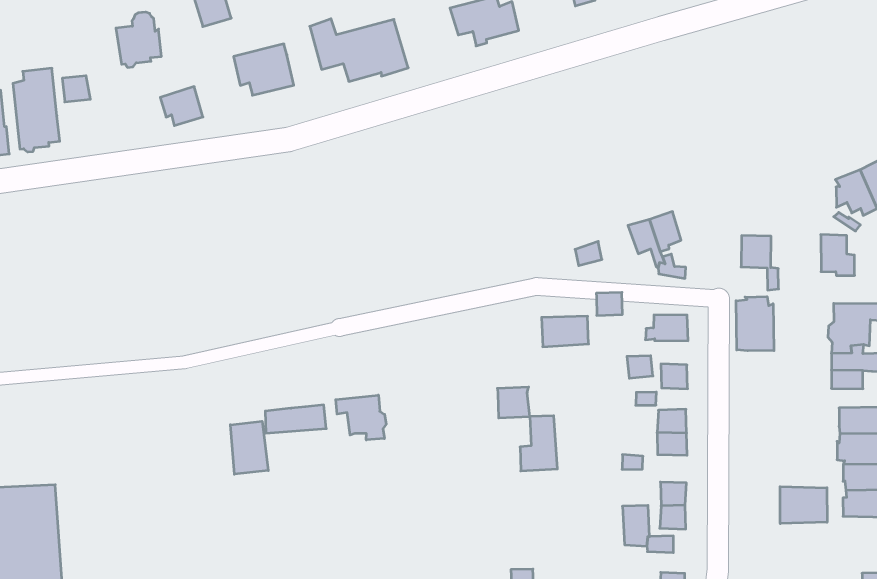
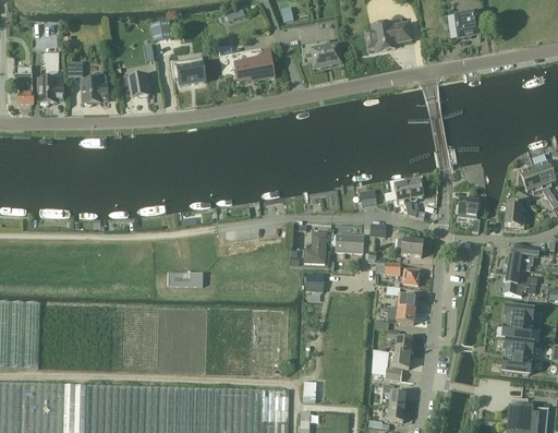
building: [116,12,161,67] -> [83,72,108,104]
building: [736,297,774,351] -> none
building: [336,395,386,440] -> none
building: [520,416,557,471] -> [303,231,326,264]
building: [230,421,268,474] -> none
building: [780,487,827,524] -> none

